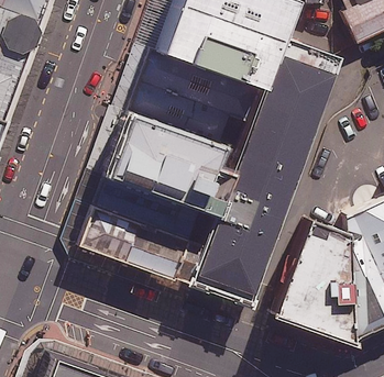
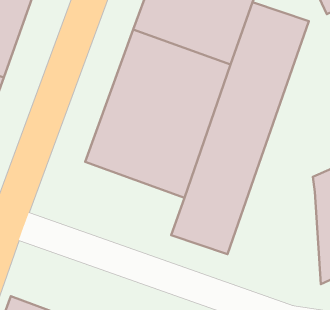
building: [80,207,205,287] -> none
building: [271,224,355,354] -> none

